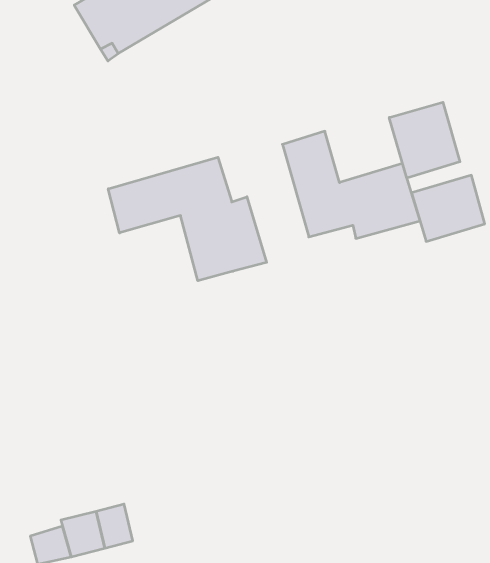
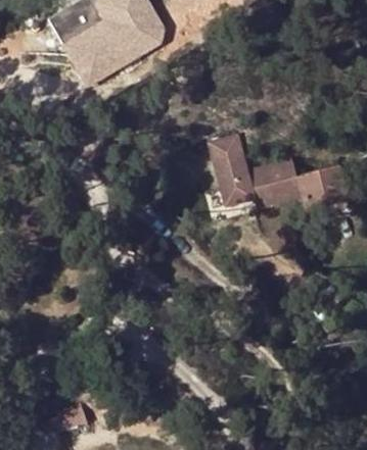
building: [389,102,460,178] -> none
building: [108,157,267,281] -> none

